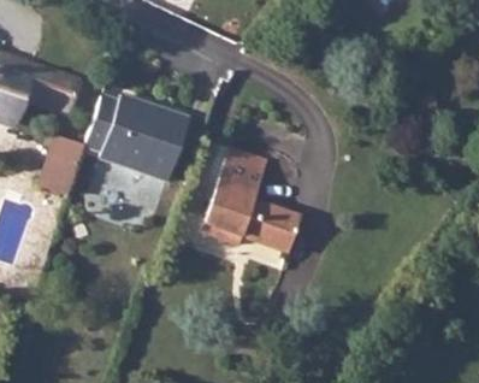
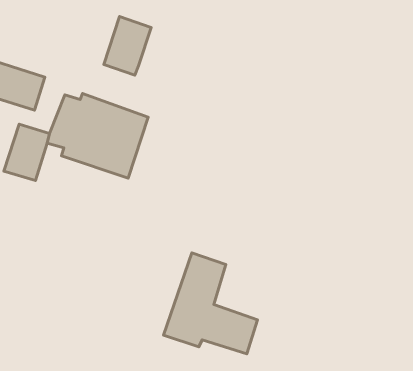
building: none -> [104,17,151,75]
building: [205,148,301,252] -> [164,253,257,354]

